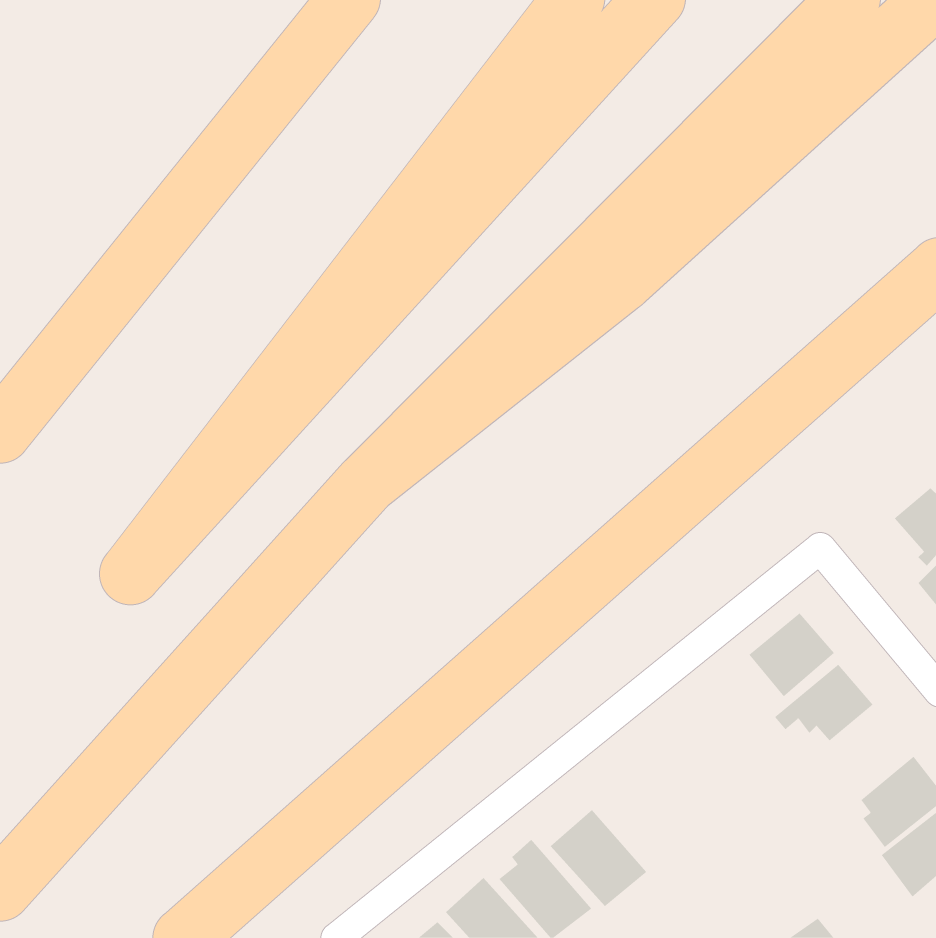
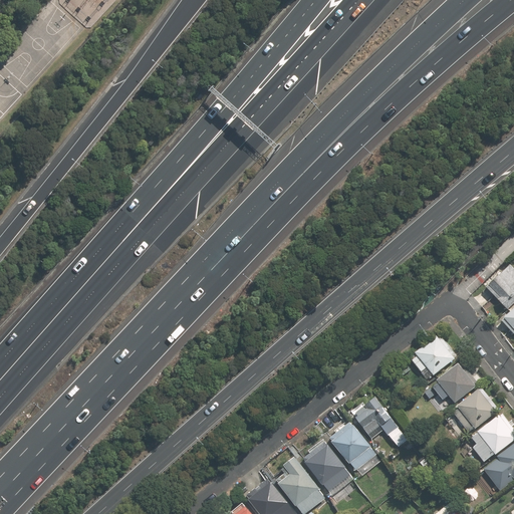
building: none -> [451,389,496,434]
building: none -> [355,398,410,447]
building: none -> [327,422,375,470]

